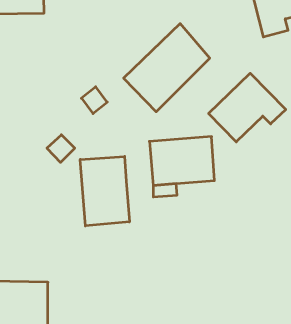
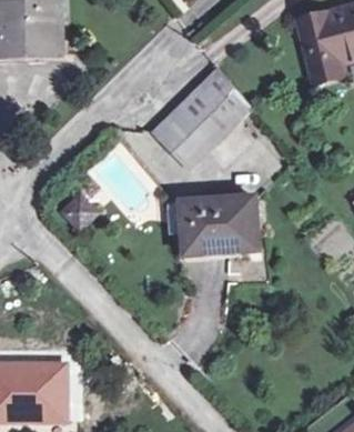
building: [209,73,286,142] -> none
building: [80,156,129,226] -> none

